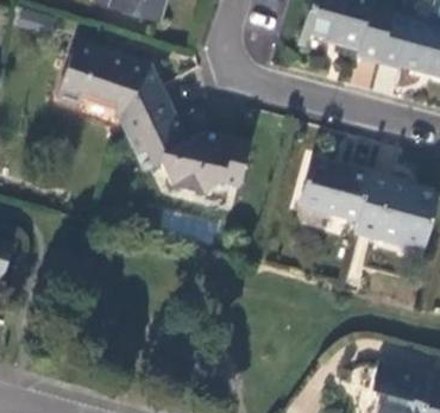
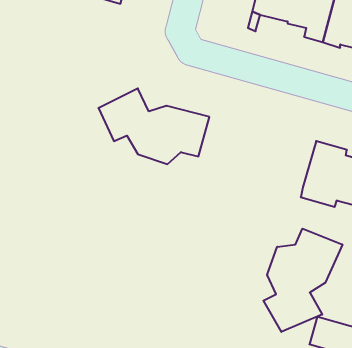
building: [65,44,180,137] -> none
building: [300,159,372,223] -> none
building: none -> [263,229,342,332]

